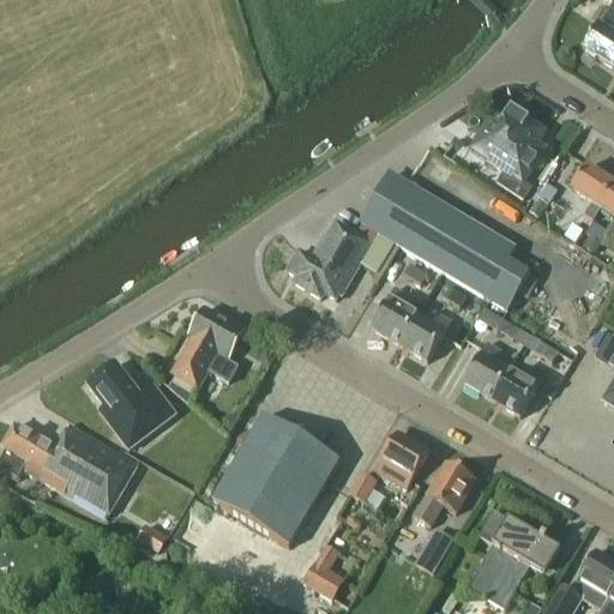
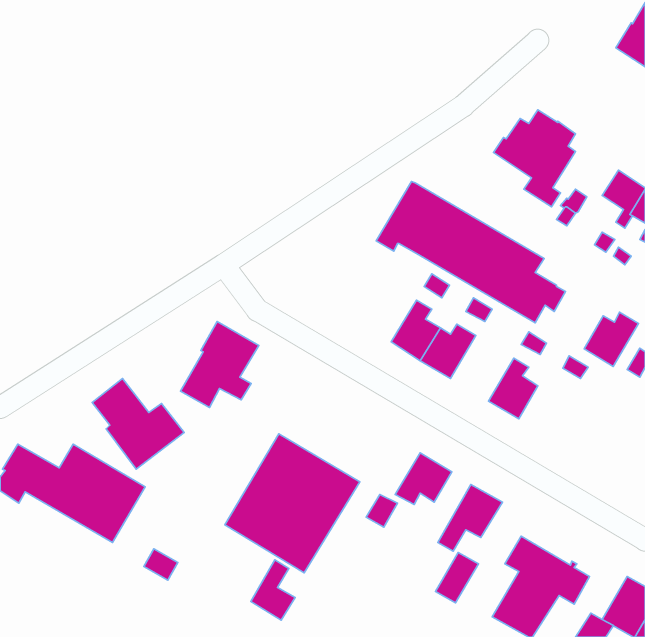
building: [287,217,395,297] -> none
building: [493,363,544,415] -> [584,312,639,366]
building: [303,542,345,600] -> [251,560,295,620]

